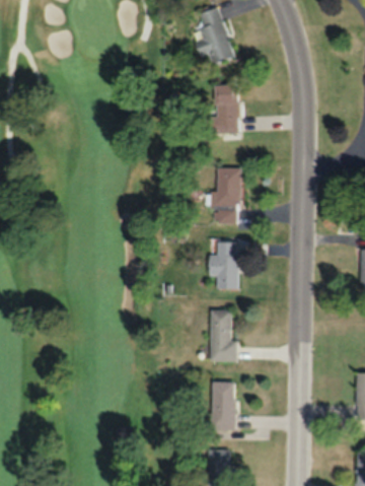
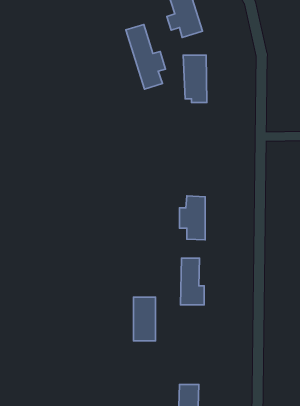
building: none -> [126,24,165,89]
building: [215,167,240,224] -> none
building: [212,383,236,431] -> [134,297,156,341]

